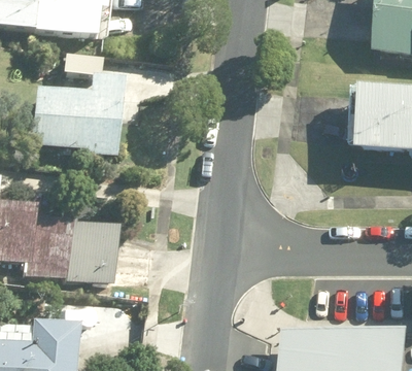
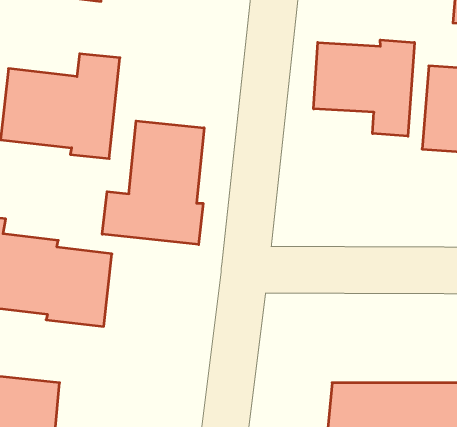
building: none -> [314,40,414,136]
building: none -> [102,121,204,245]

